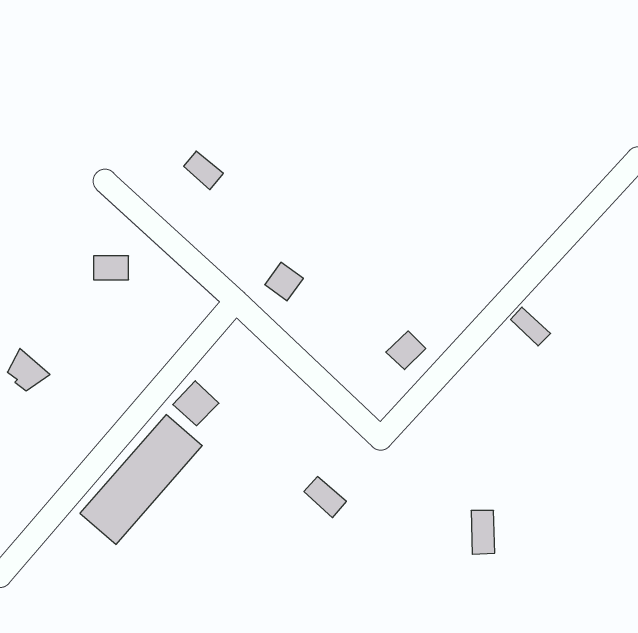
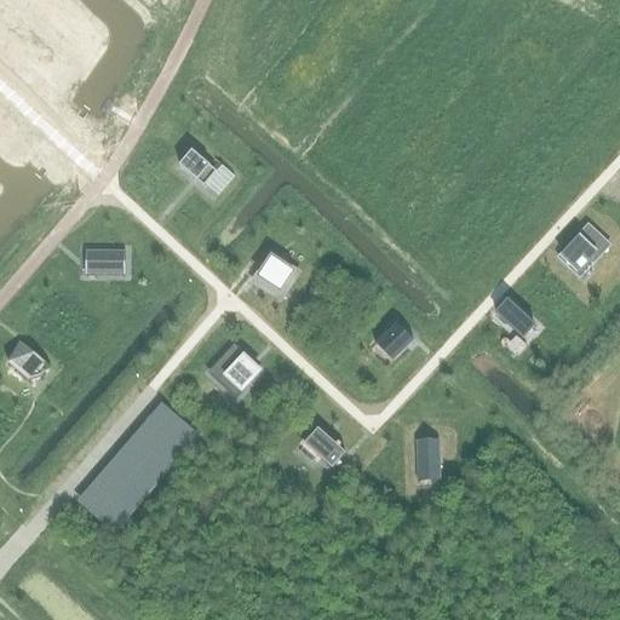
building: none -> [561,226,605,271]
building: [173,381,219,426] -> [212,348,257,391]
building: [304,477,346,518] -> [304,426,345,466]
building: [471,511,495,554] -> [417,437,440,480]

